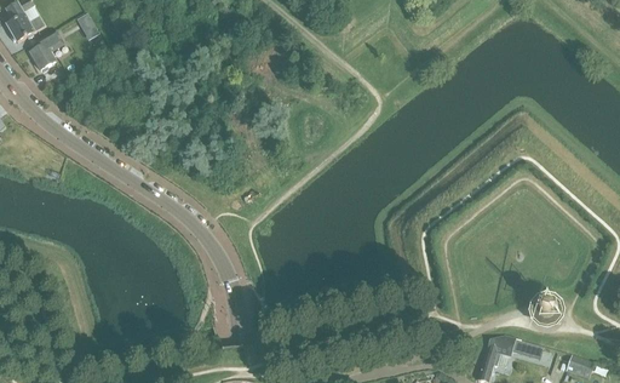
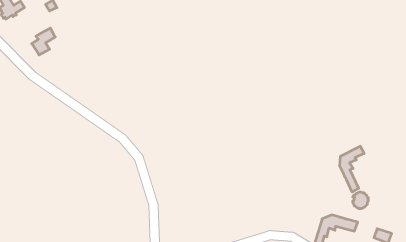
building: [29,30,64,70] -> [32,28,55,55]
building: none -> [340,146,364,192]

